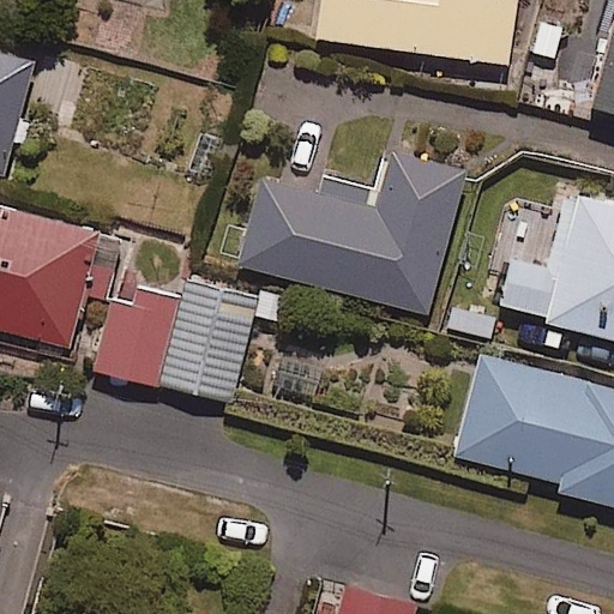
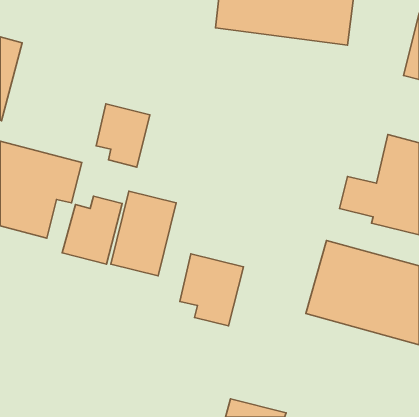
building: none -> [96,104,150,167]
building: [240,156,458,307] -> none
building: none -> [180,254,243,326]

